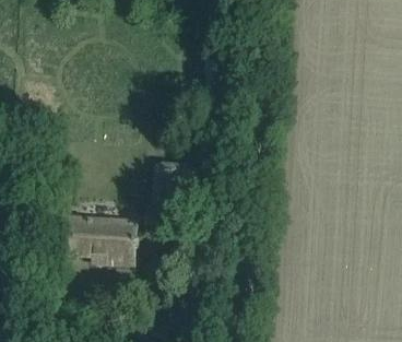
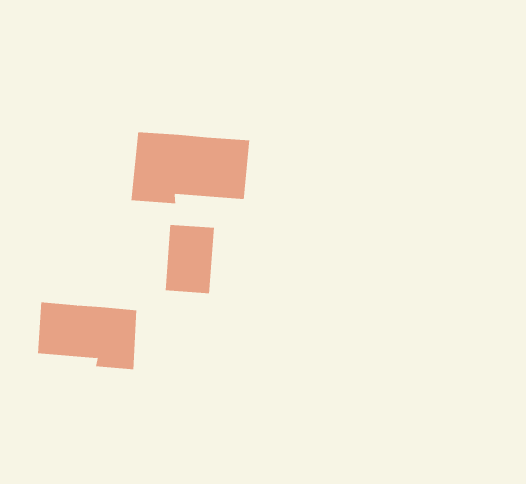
building: none -> [131,132,250,204]

